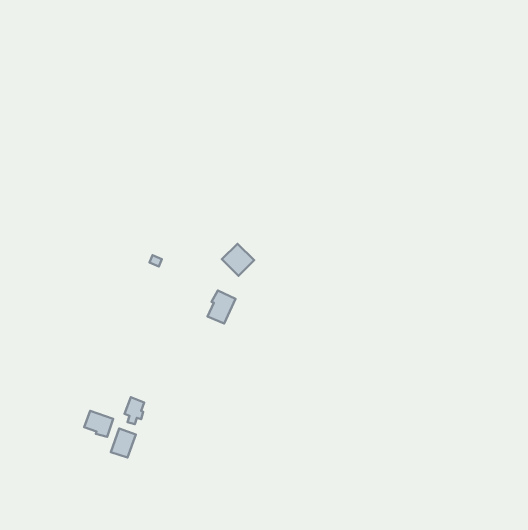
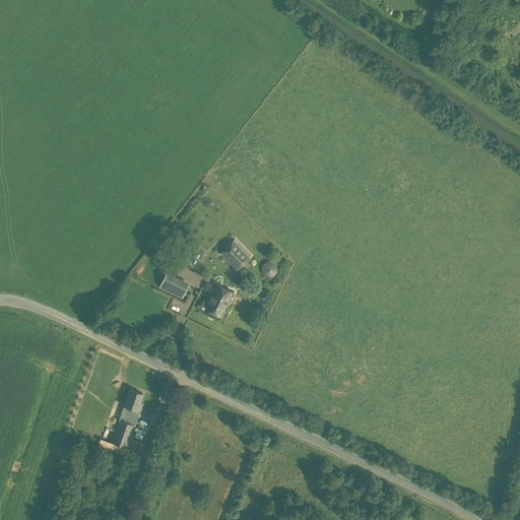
building: none -> [156,272,187,298]
building: [84,411,113,437] -> none

